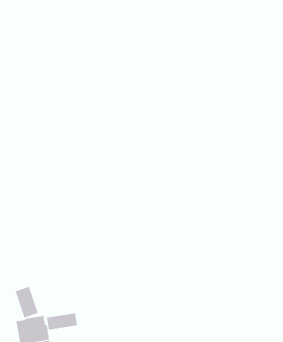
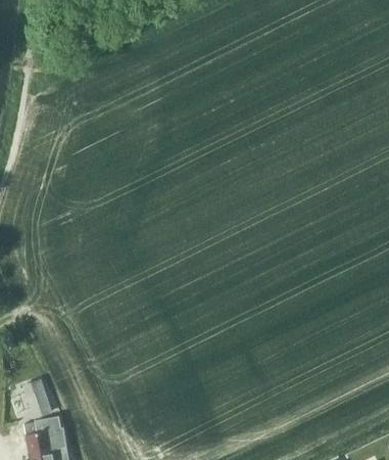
building: [46,312,78,331] -> none

